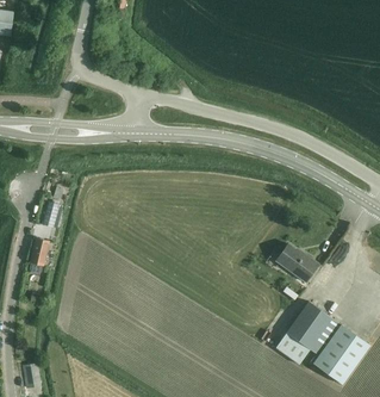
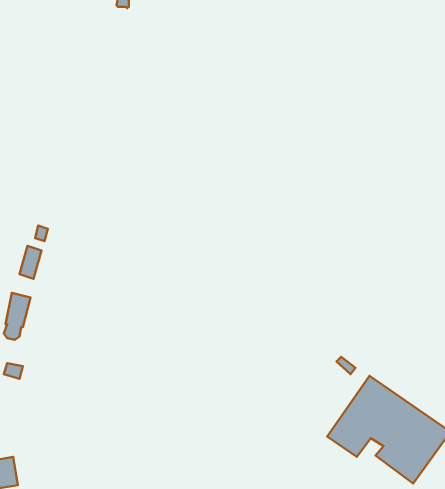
building: [274,243,318,283] -> none

